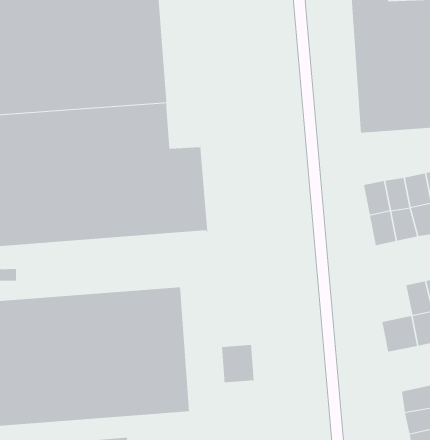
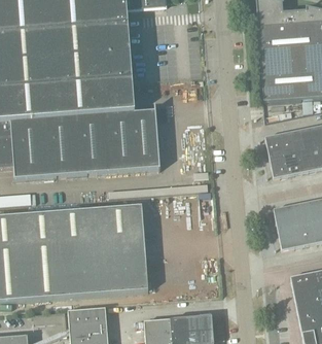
building: none -> [274,204,298,229]
building: [221,344,254,383] -> none

